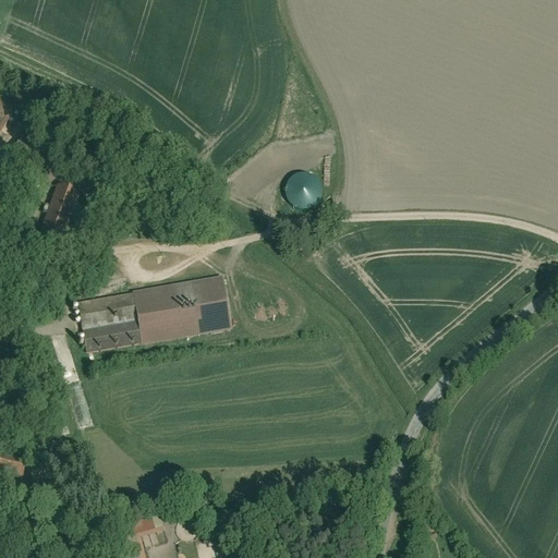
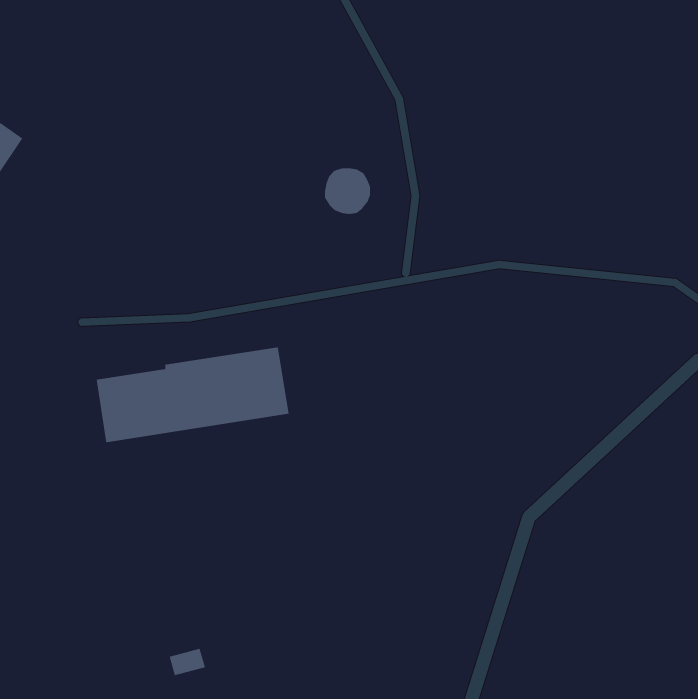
building: [286,172,323,209] -> [324,168,371,214]
building: [36,185,78,250] -> none

